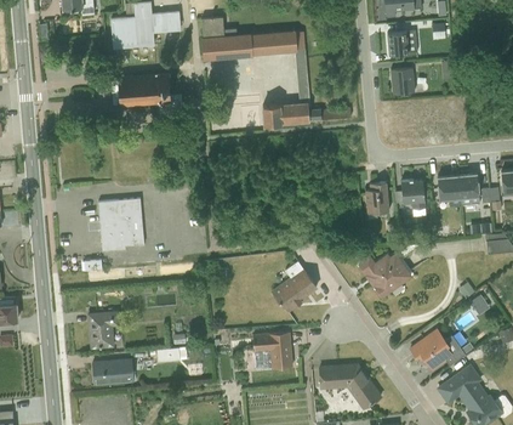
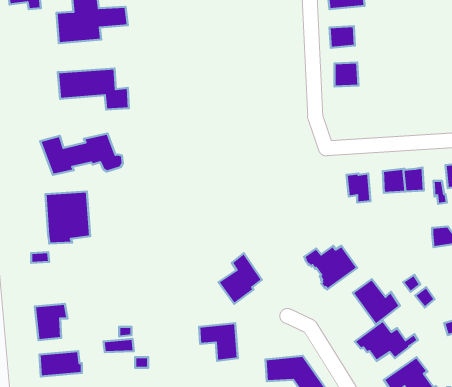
building: [200,17,350,125] -> none
building: none -> [40,133,123,175]
building: [365,182,388,212] -> none
building: none -> [353,279,400,324]

